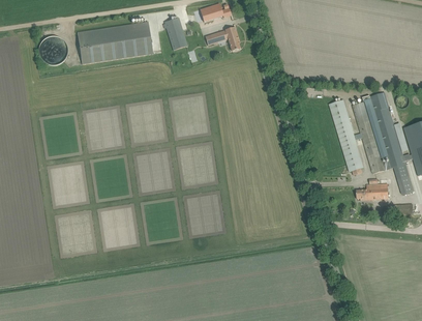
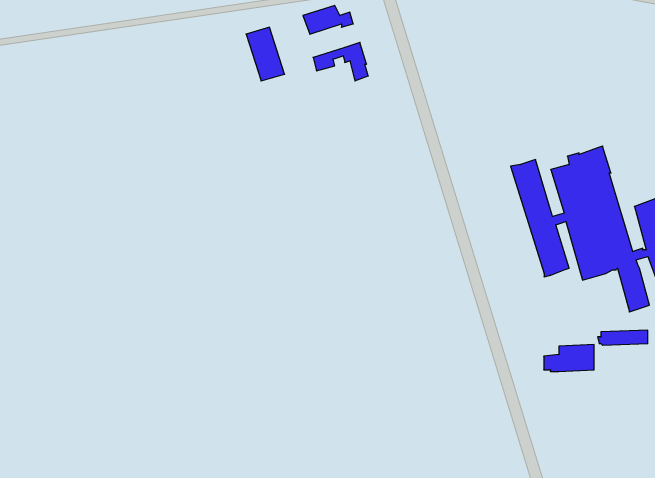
building: [78,21,153,64] -> none
building: [39,37,66,65] -> none
building: [357,183,388,200] -> [544,345,594,371]

